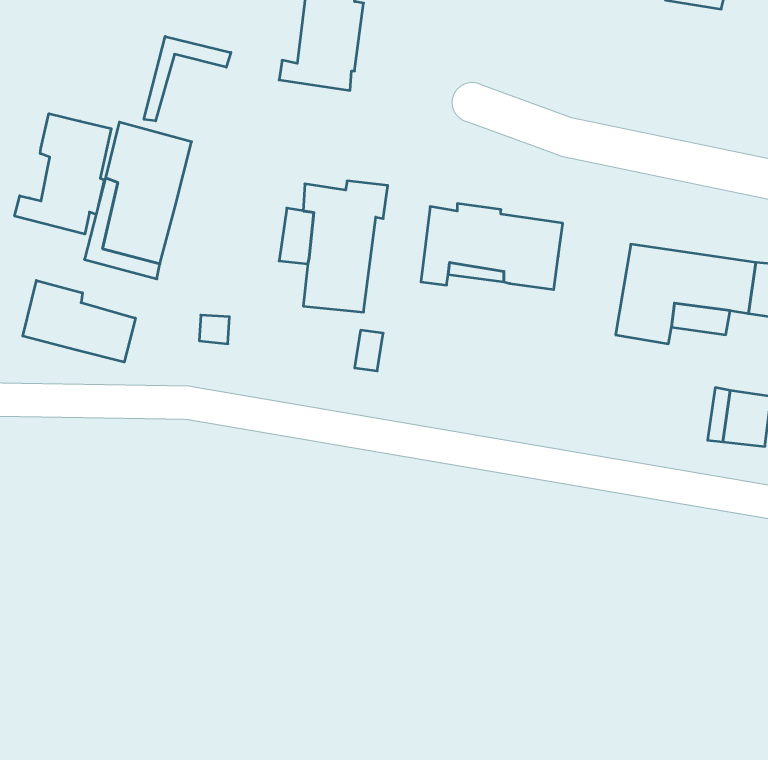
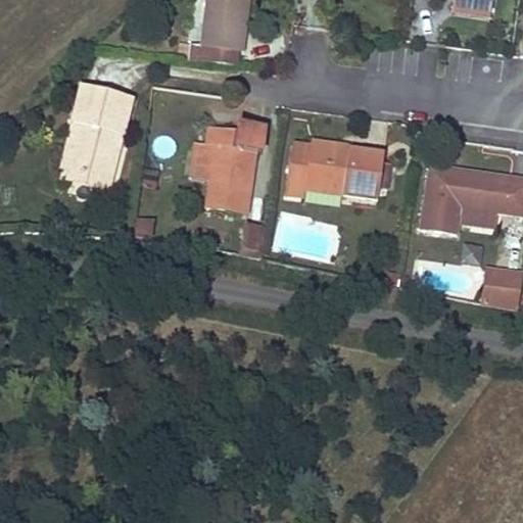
building: [144,36,231,121] -> none
building: [15,114,111,234] -> none
building: [23,280,135,362] -> none

